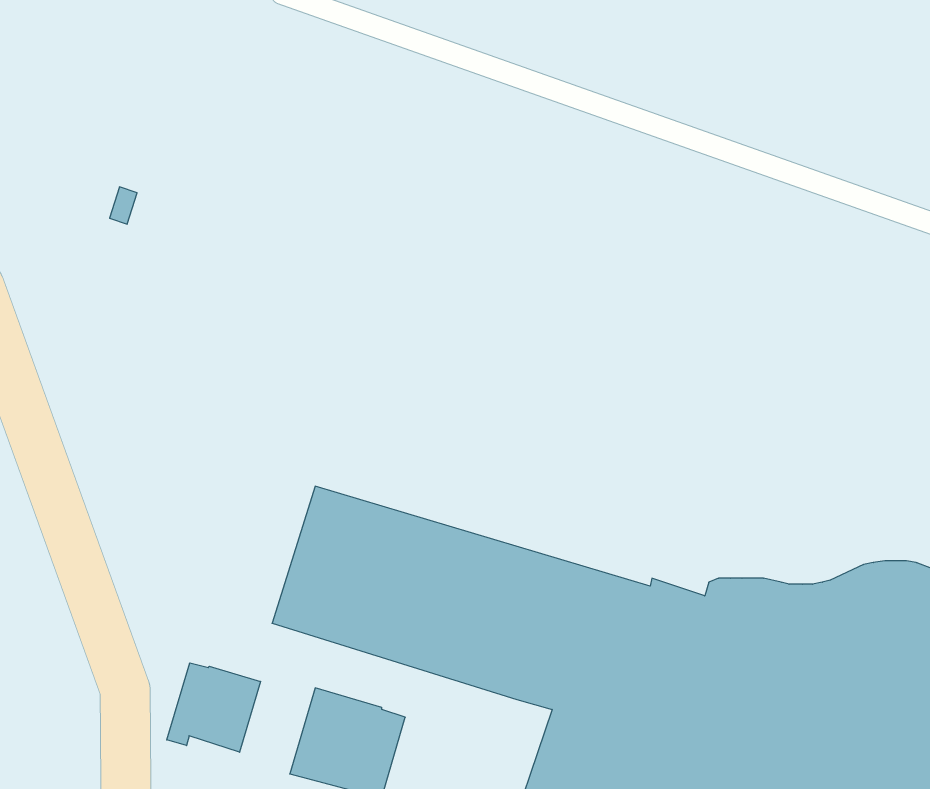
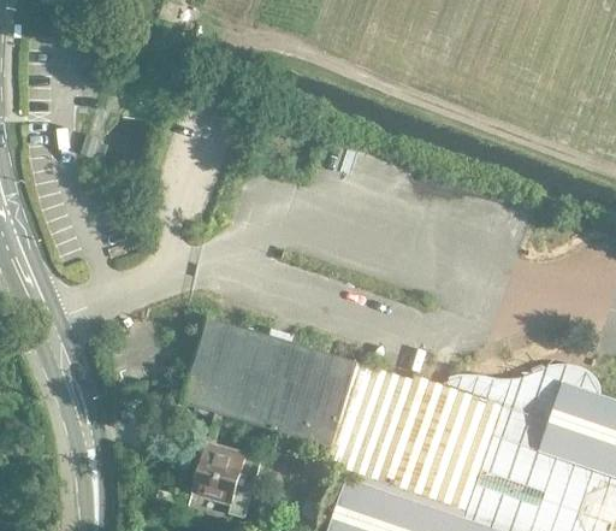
building: [167,663,261,752] -> none

